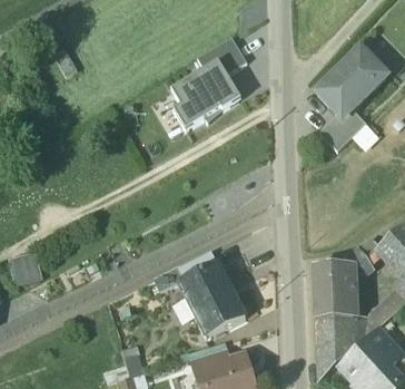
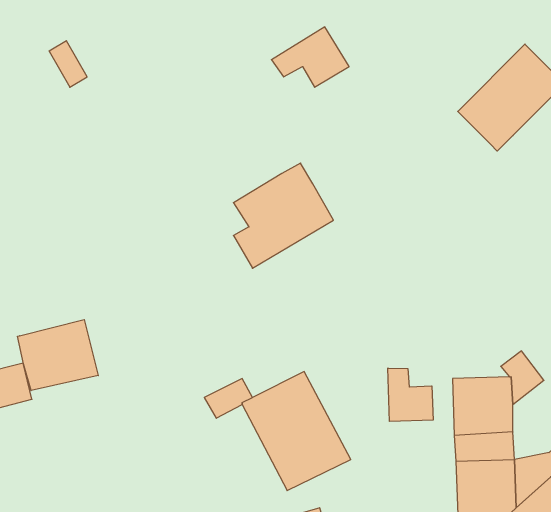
building: [174,62,238,130] -> [233,163,333,268]
building: [319,107,366,149] -> none
building: none -> [18,320,98,391]
building: none -> [388,368,433,421]

